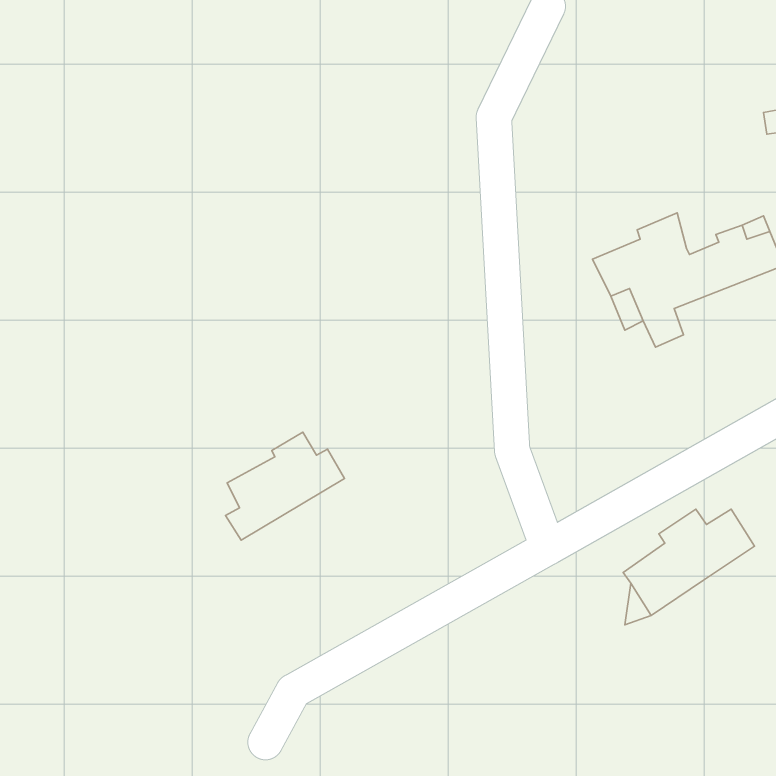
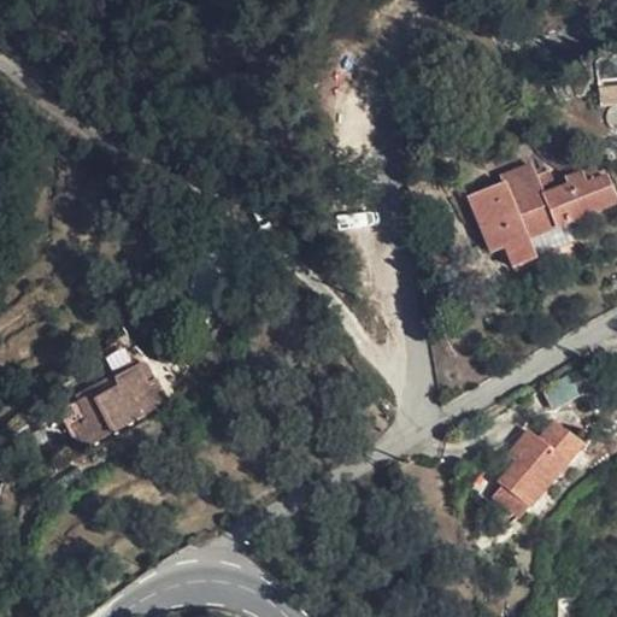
building: [226,432,344,540] -> [75,353,168,437]

